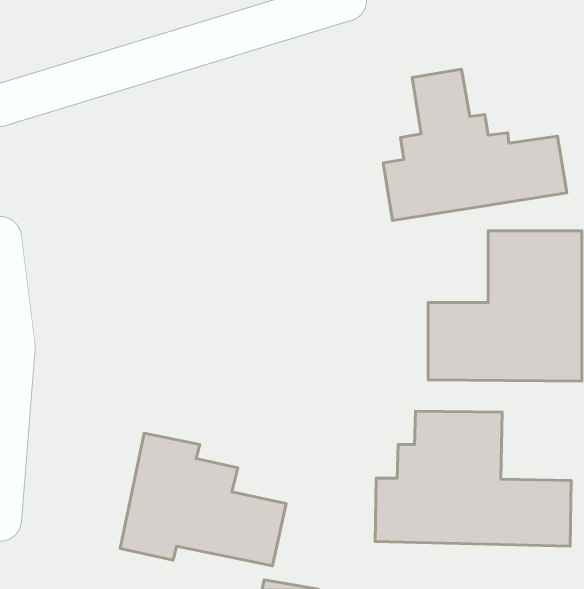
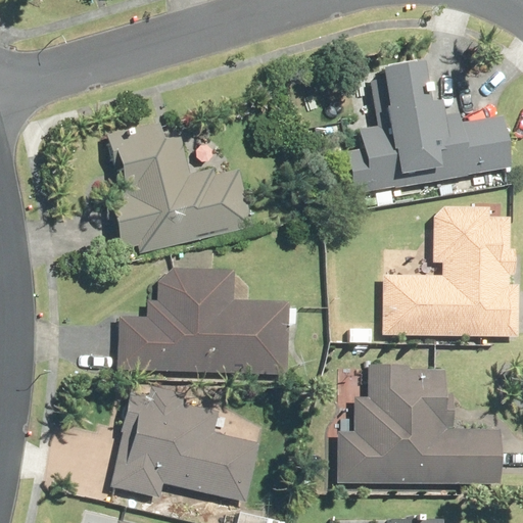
building: none -> [103,129,263,255]
building: none -> [118,268,285,373]

